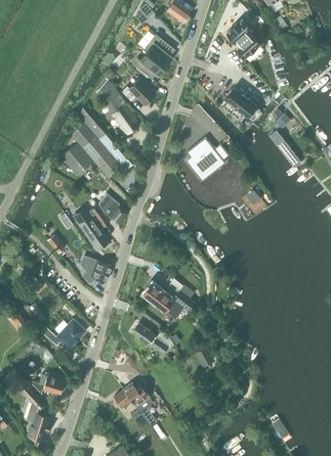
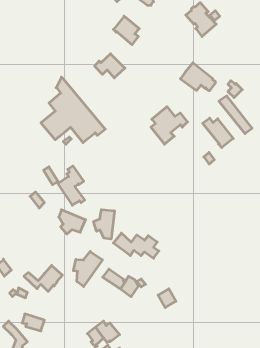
building: [132,52,165,78] -> none
building: [96,79,140,135] -> none
building: none -> [203,118,233,148]
building: [98,193,127,224] -> none
building: none -> [94,210,114,239]
building: none -> [73,251,102,287]

